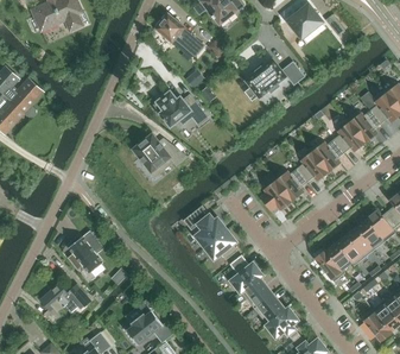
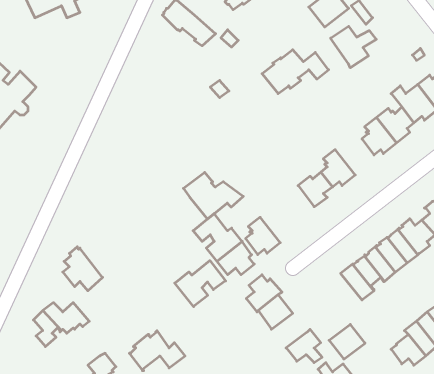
building: none -> [331,26,376,68]
building: [155,90,204,127] -> none
building: [133,134,186,176] -> [183,172,243,219]
building: [310,139,343,170] -> none
building: [260,177,291,210] -> [246,217,280,255]
building: none -> [175,261,226,307]
building: [253,293,285,324] -> [329,324,365,359]

